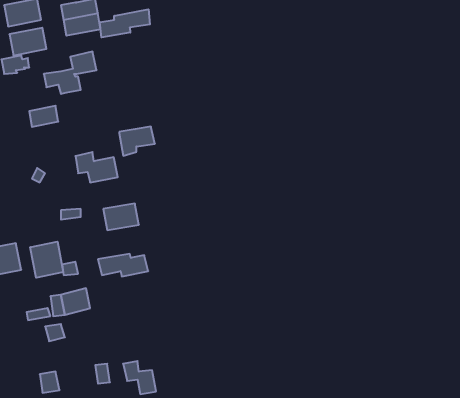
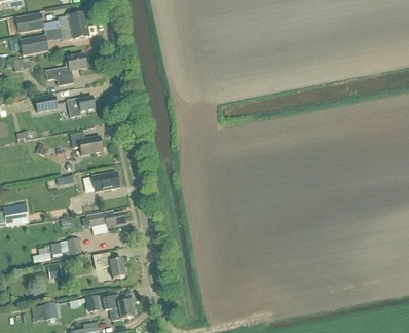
building: [100,9,150,37] -> none
building: [119,127,155,156] -> [67,95,95,117]
building: [30,242,63,278] -> none
building: none -> [92,251,125,278]

